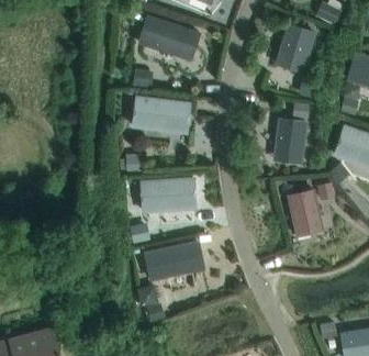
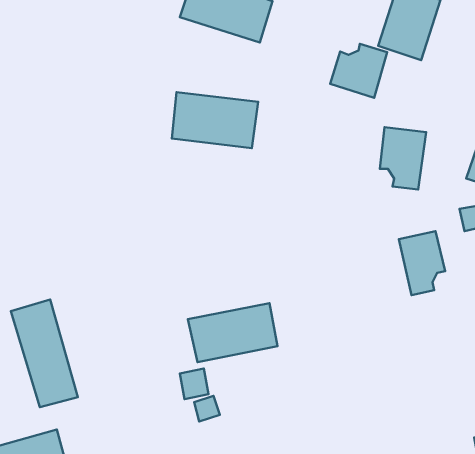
building: none -> [330,44,387,98]
building: [139,176,197,213] -> none
building: none -> [11,299,78,407]

